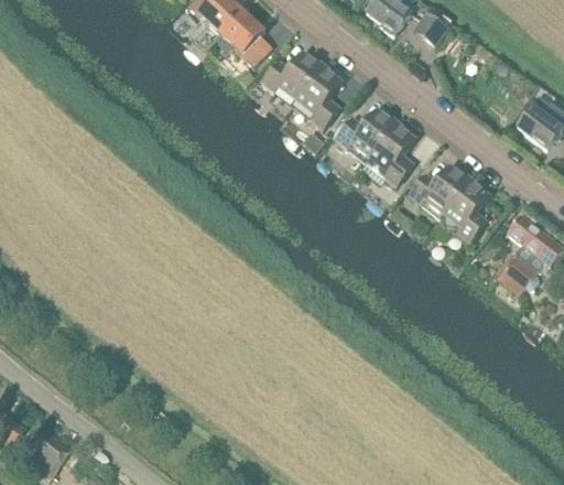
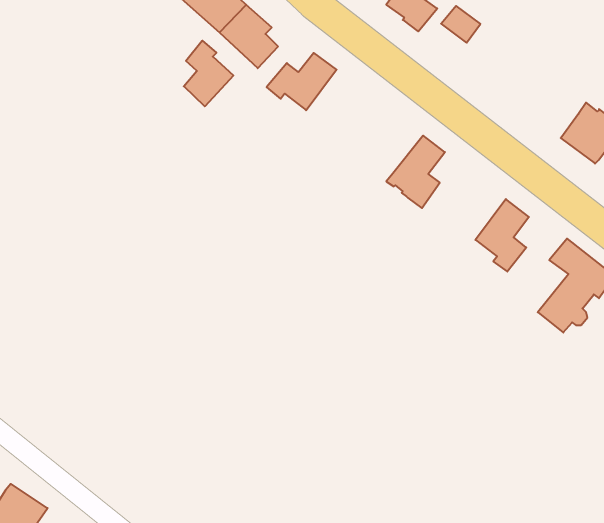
building: none -> [184,41,233,106]
building: [296,66,343,129] -> none
building: [336,108,398,158] -> none
building: [410,164,469,214] -> none

